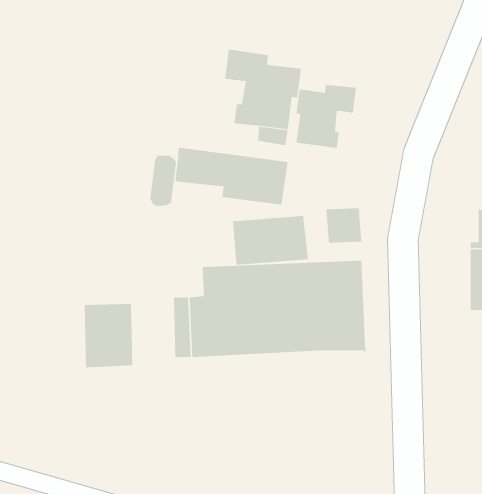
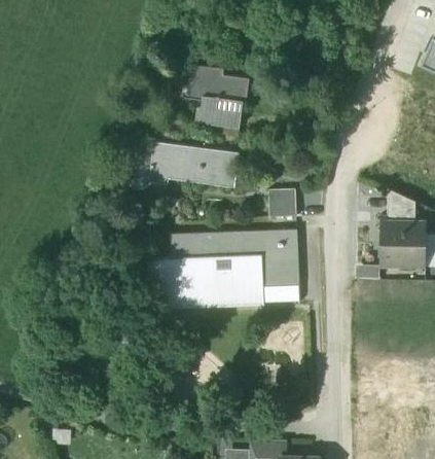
building: [296,84,356,149] -> none
building: [233,215,309,265] -> none
building: [84,303,133,368] -> none

